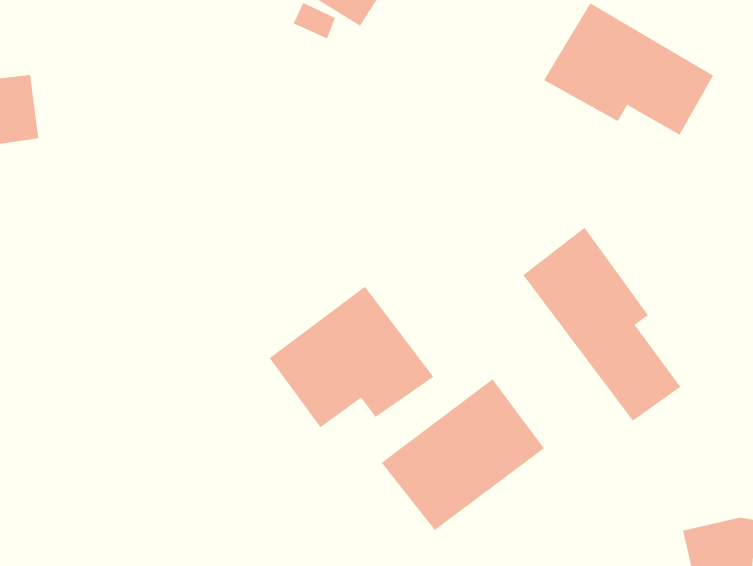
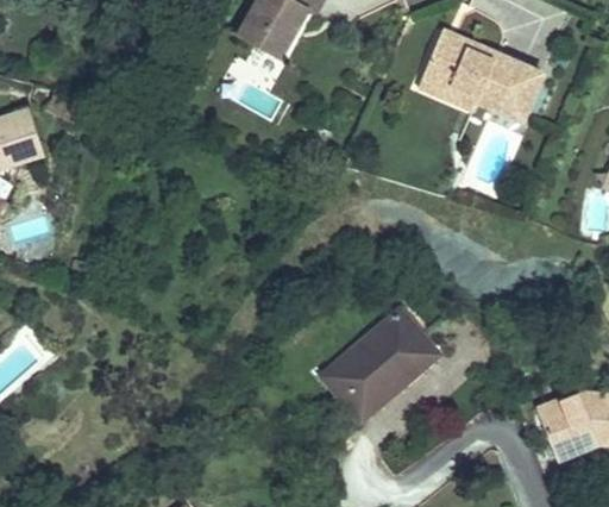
building: [523,227,681,422] -> none
building: [269,286,434,428] -> none

